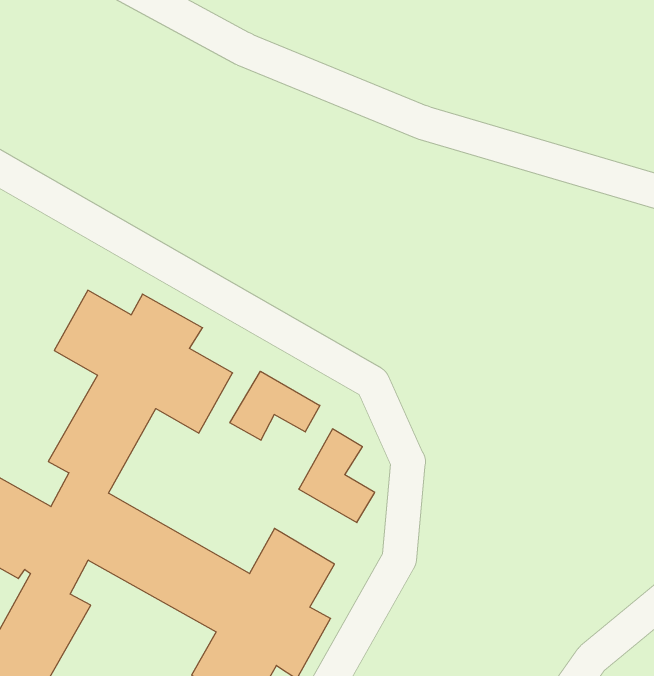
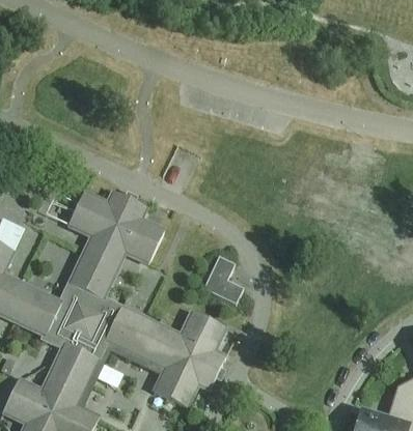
building: [230,371,320,440] -> none

